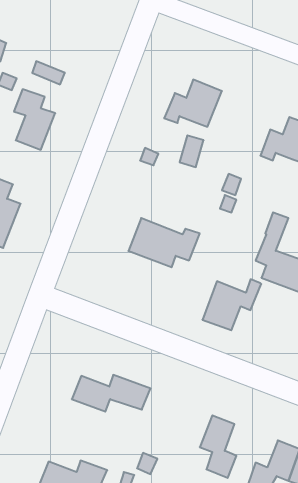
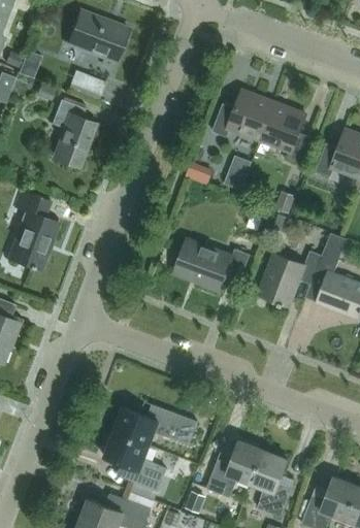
building: none -> [68,10,128,70]
building: none -> [259,102,310,165]
building: [202,279,261,330] -> [259,251,322,305]
building: none -> [104,432,167,491]
building: none -> [207,440,264,497]

